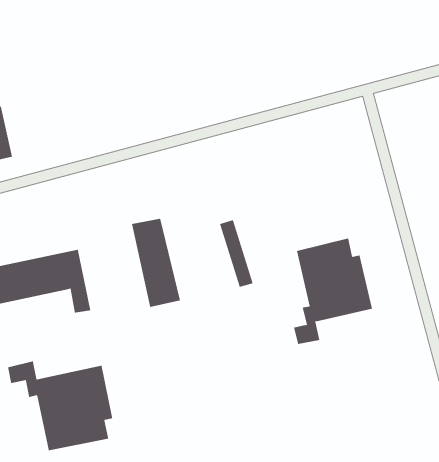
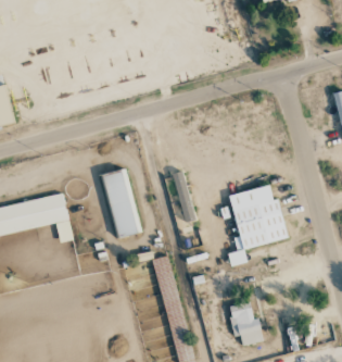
building: [8,360,113,451] -> none
building: none -> [228,301,263,345]

